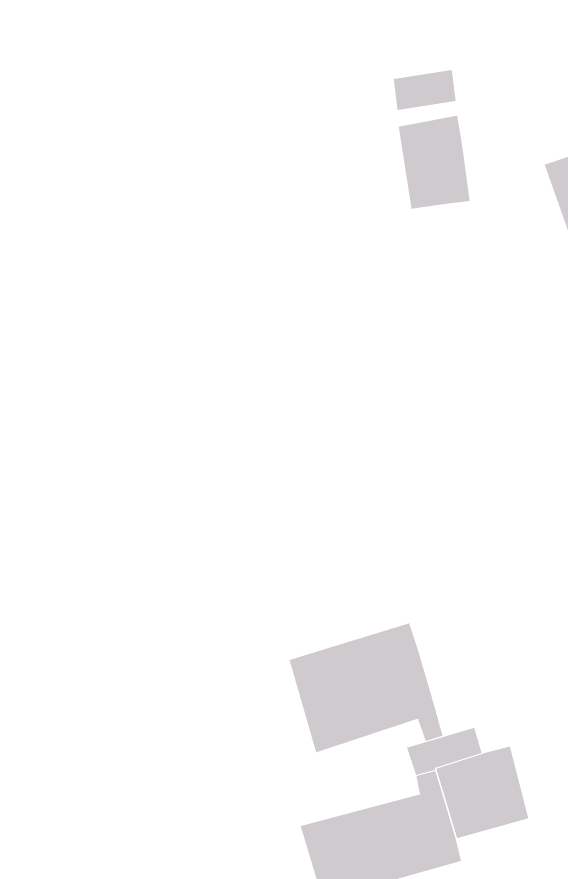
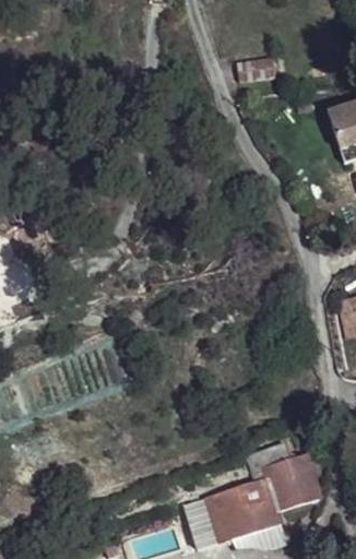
building: [398,115,470,210] -> none
building: [289,622,443,753] -> none

